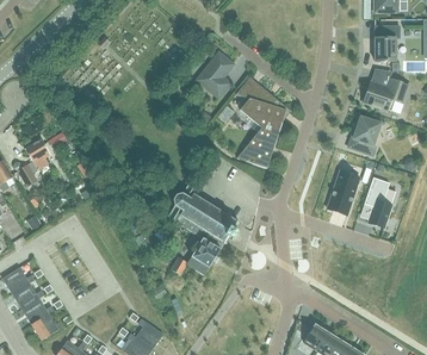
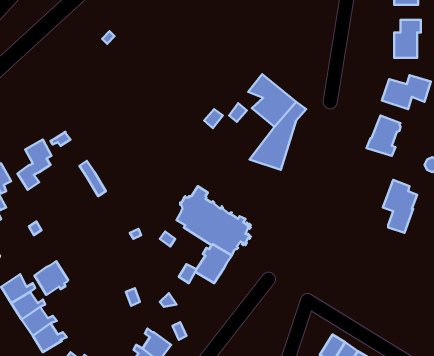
building: [197,51,234,96] -> none
building: [327,169,360,214] -> none
building: none -> [34,261,68,295]

